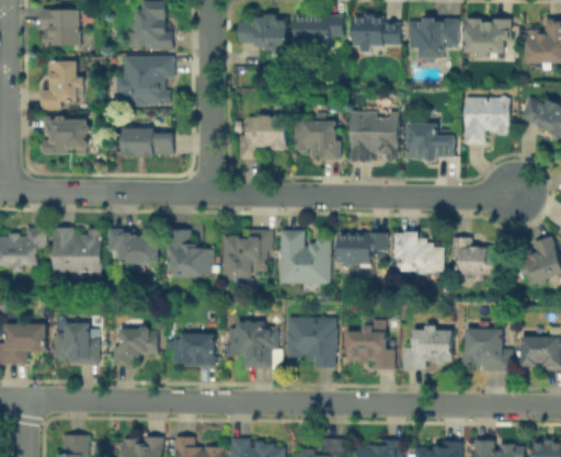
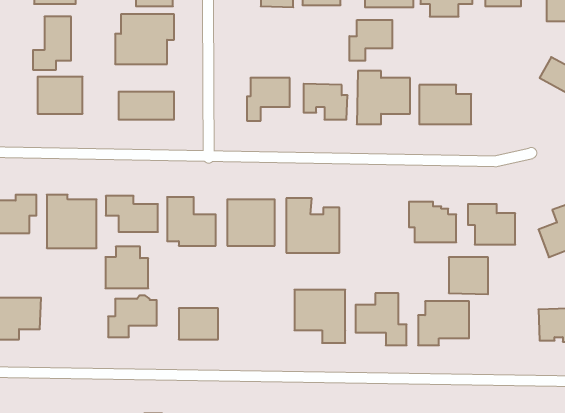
building: none -> [349,20,392,61]
building: [465,96,508,144] -> none
building: [339,235,385,263] -> none
building: [229,320,277,368] -> none
building: [56,323,96,363] -> [105,247,148,288]
building: [466,331,503,366] -> [449,257,488,294]

